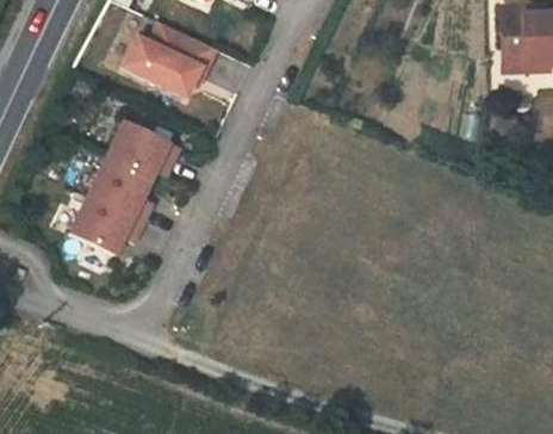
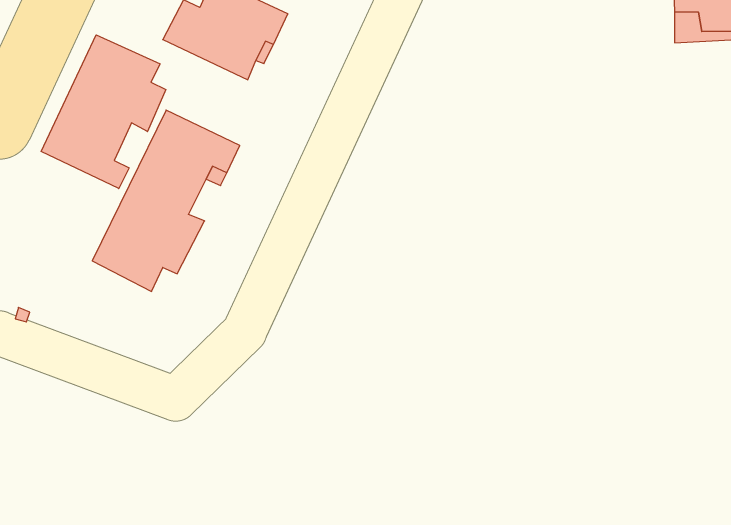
building: none -> [41,35,166,189]

